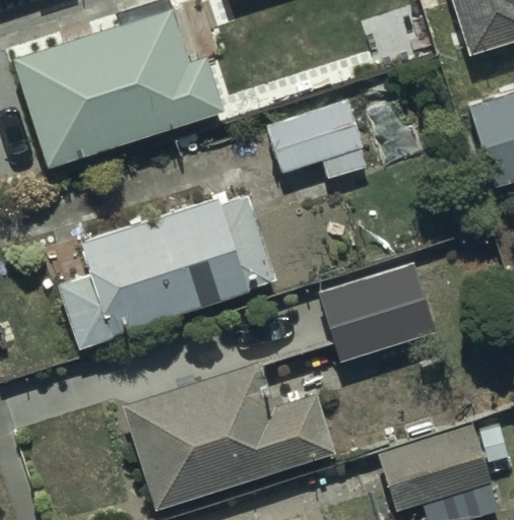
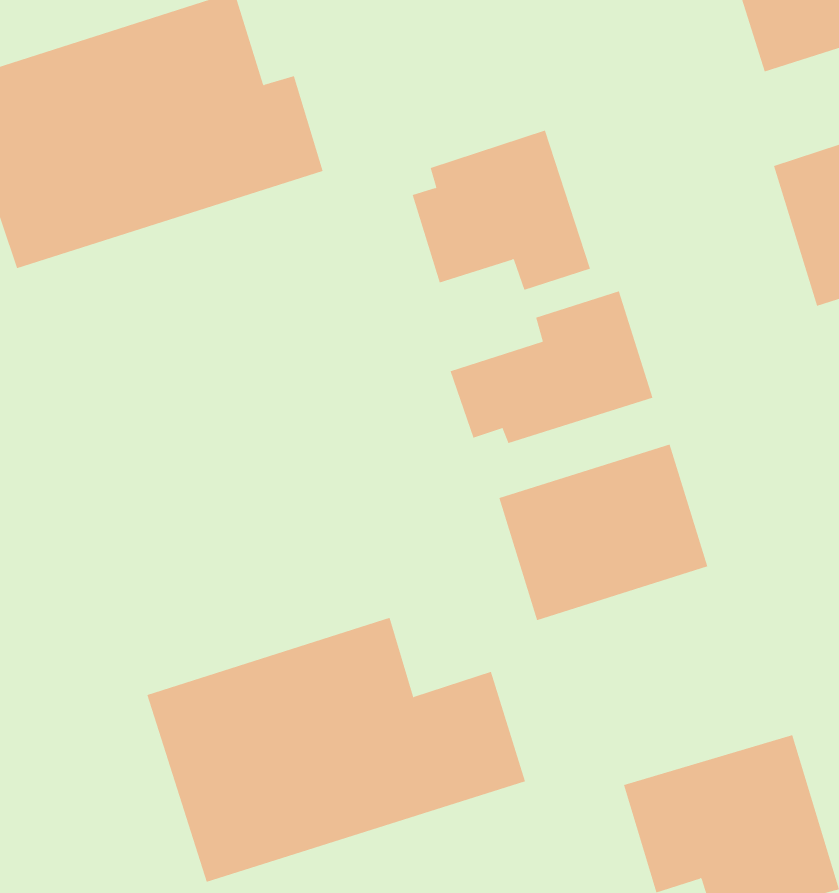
building: none -> [450,291,653,444]
building: [57,196,276,347] -> none

